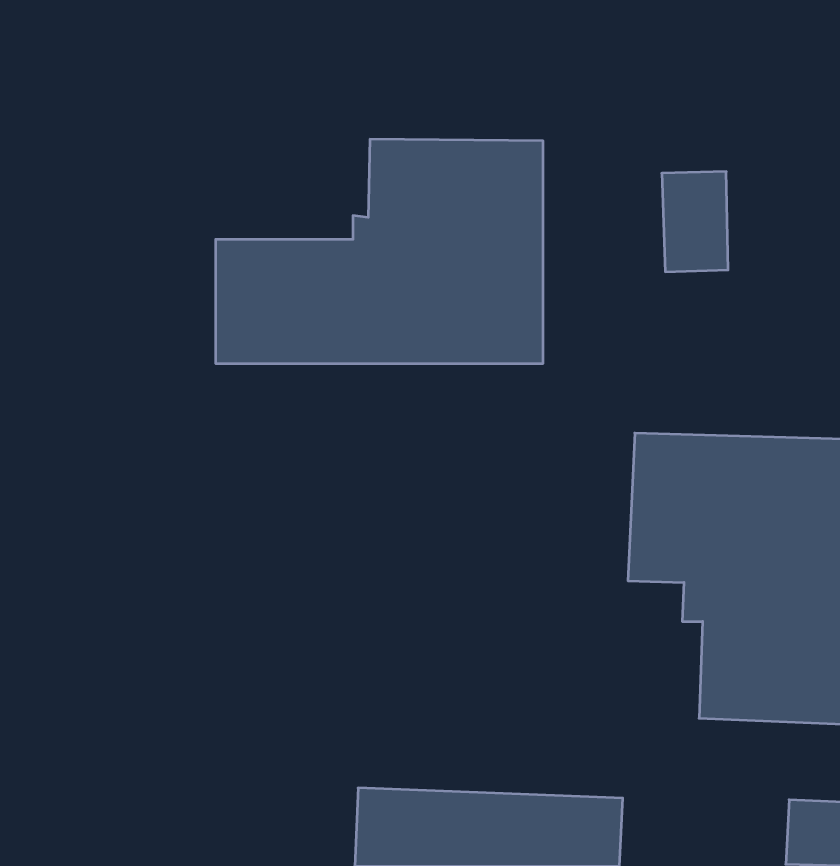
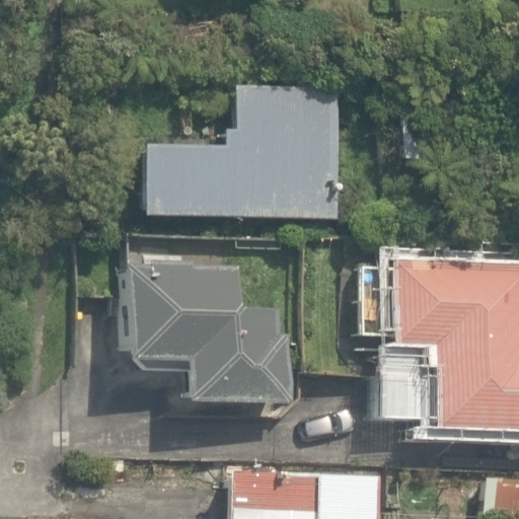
building: none -> [112,264,282,406]

